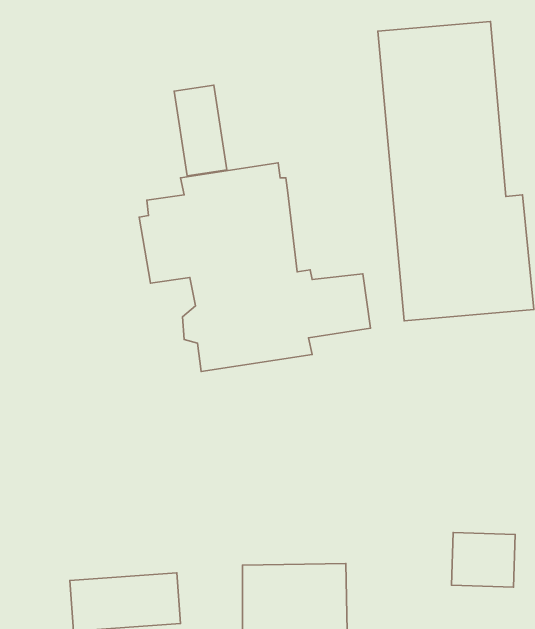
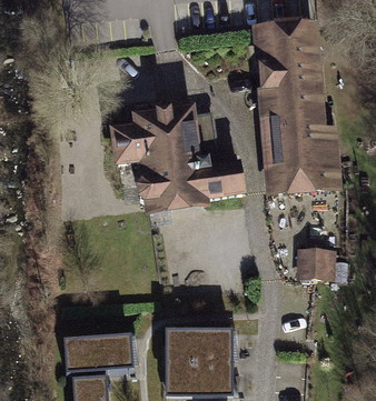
building: [174,85,227,176] -> none
building: [451,533,515,587] -> [297,250,335,282]

